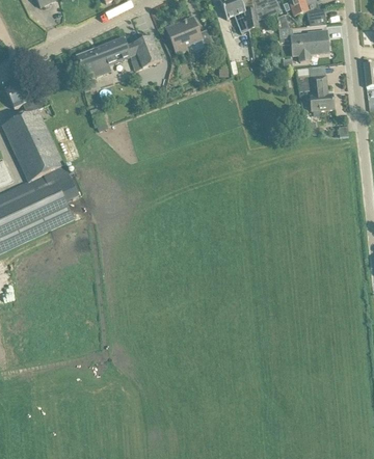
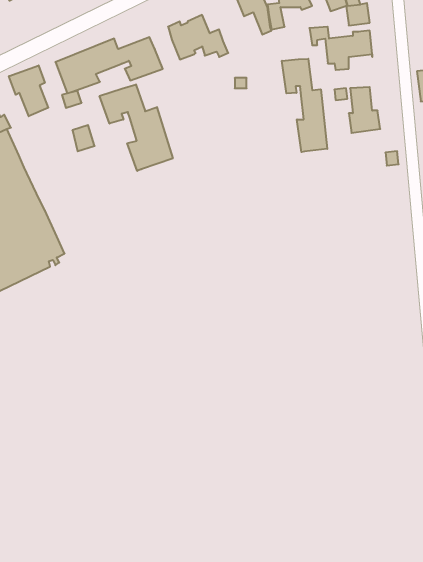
building: none -> [282,59,327,152]
building: none -> [9,65,48,116]
building: none -> [100,84,173,171]

